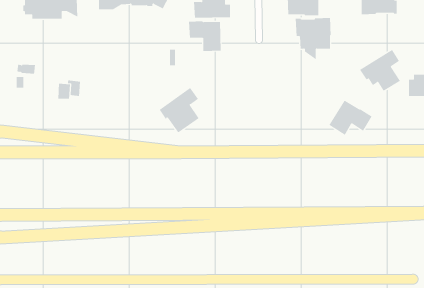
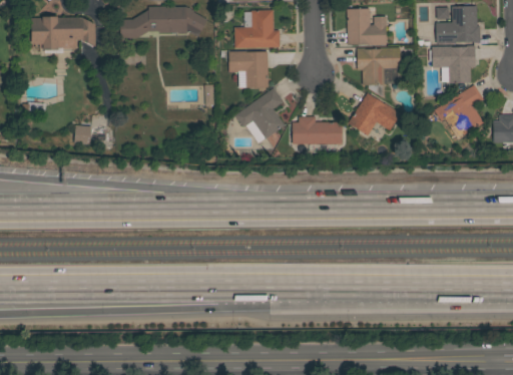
building: none -> [429,46,475,83]
building: none -> [293,116,342,144]
building: [159,87,200,133] -> [235,88,285,143]
building: [328,100,373,136] -> [348,93,401,136]

